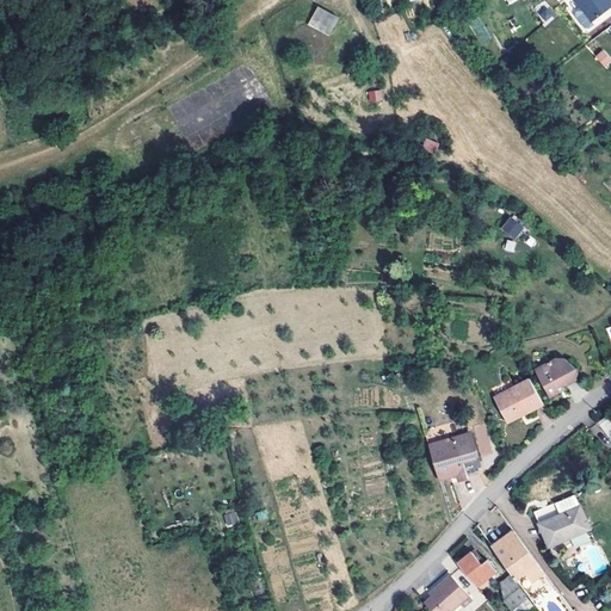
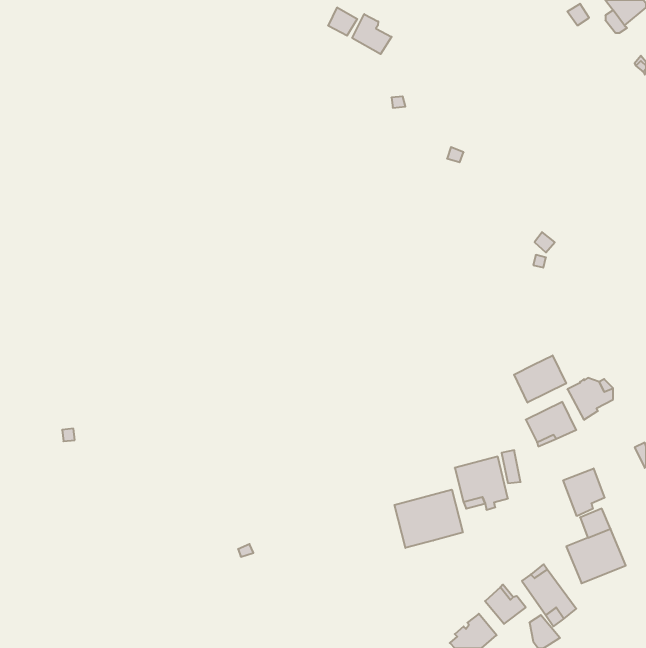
building: none -> [352,14,392,54]
building: none -> [514,355,566,403]
building: none -> [563,468,605,516]
building: none -> [394,490,463,548]

